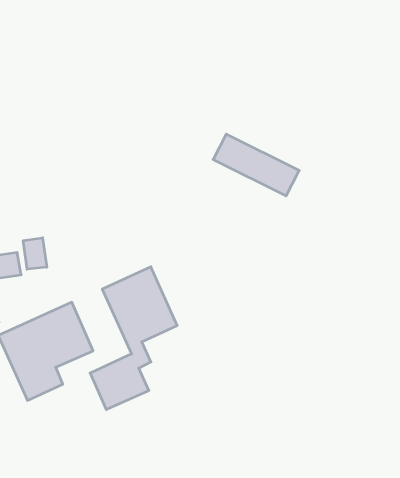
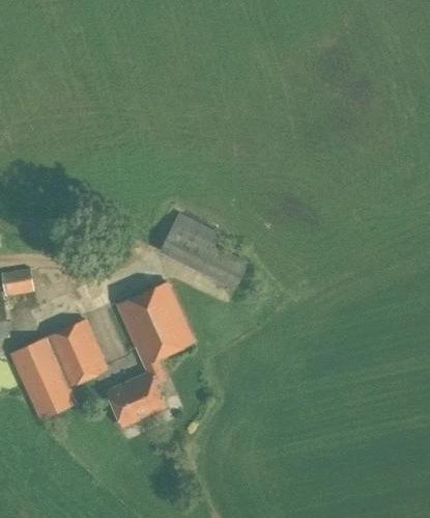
building: [213,134,299,196] -> [161,224,249,288]
building: [23,238,47,269] -> none

